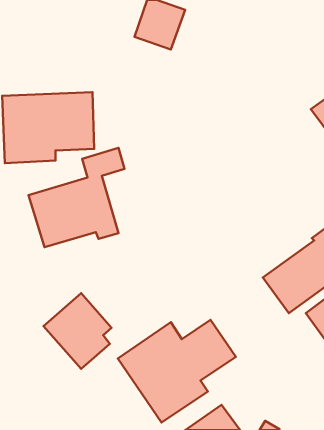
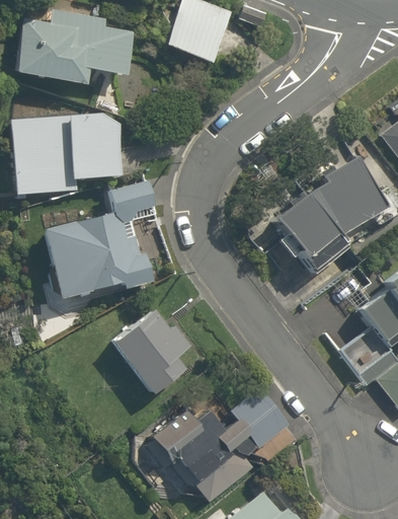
building: none -> [16,18,133,79]
building: none -> [274,156,387,274]
building: [43,293,112,369] -> [112,306,194,397]

